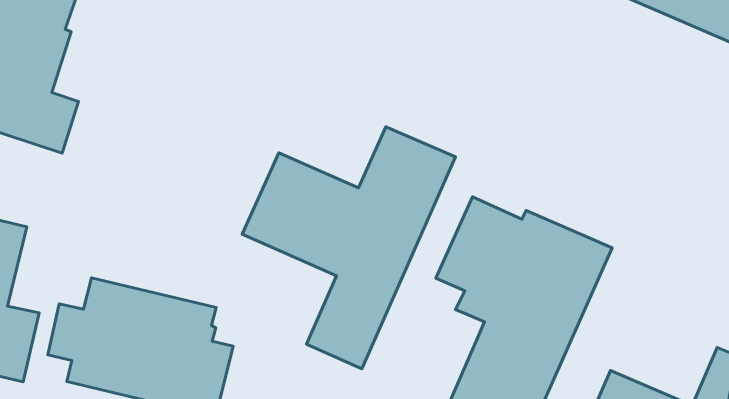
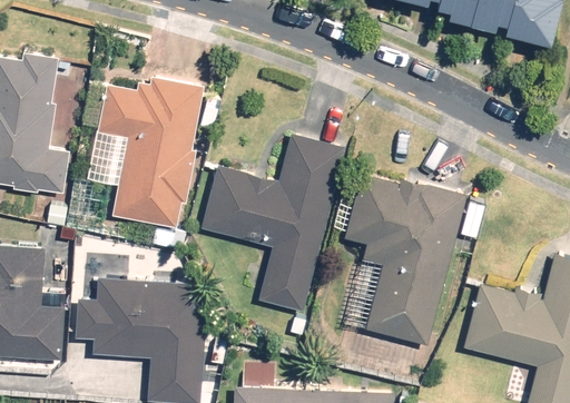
building: none -> [98,77,203,228]

